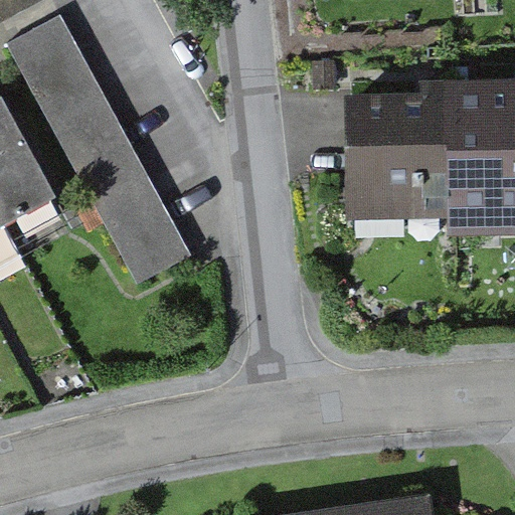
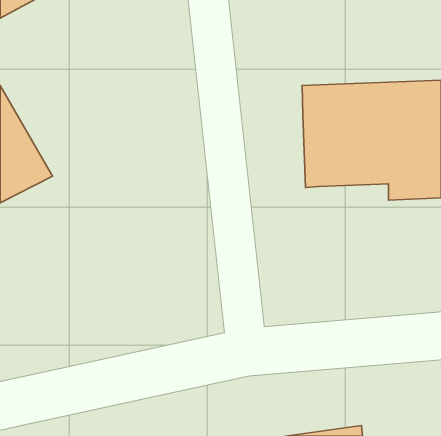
building: [6,14,190,284] -> none

